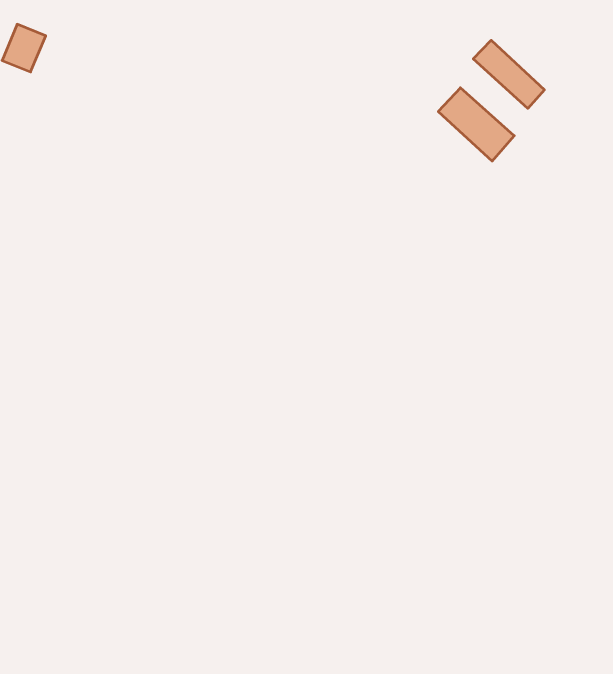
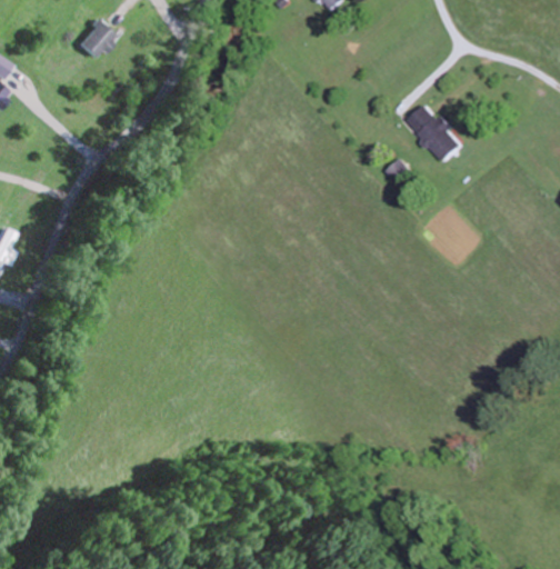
building: [473,40,544,108] -> none

